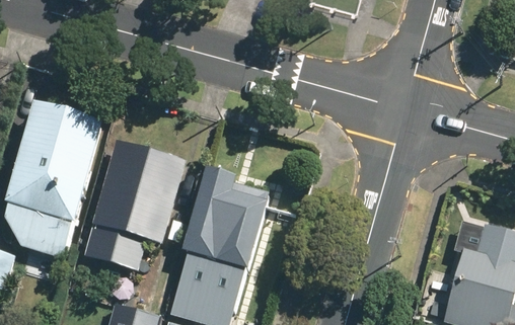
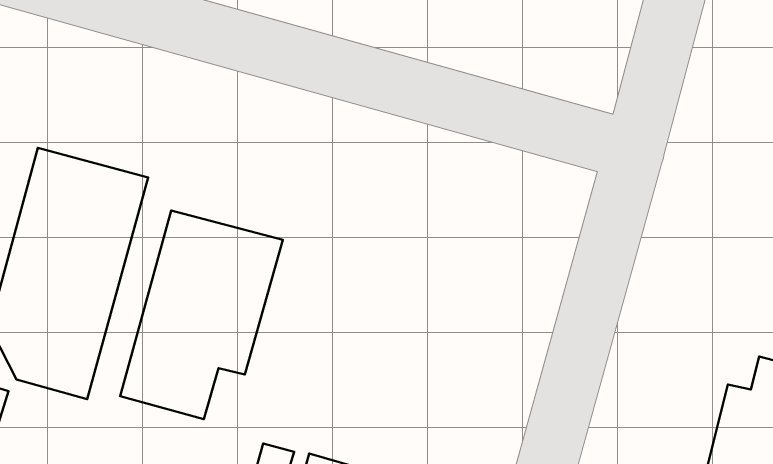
building: [178,169,269,282] -> none

